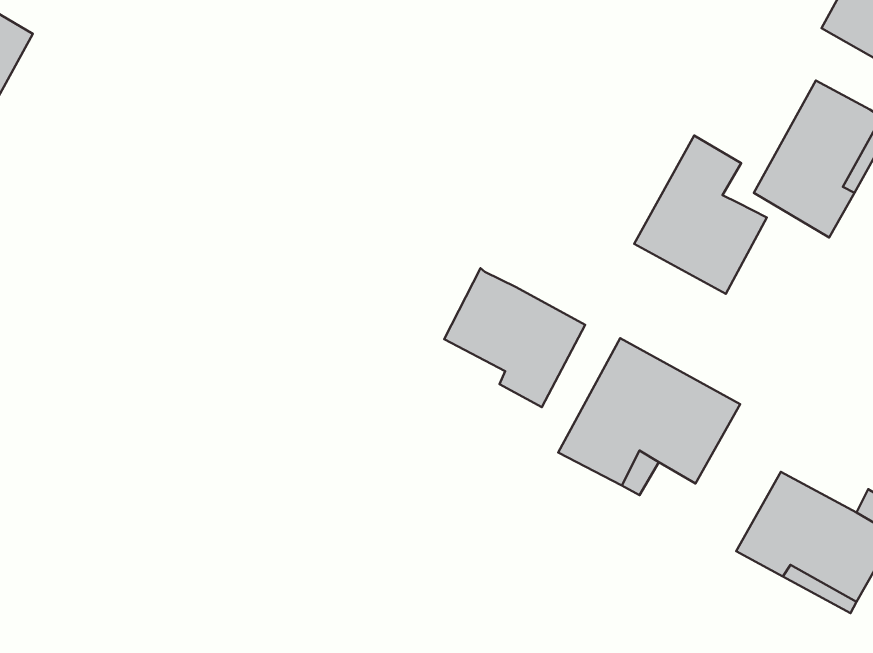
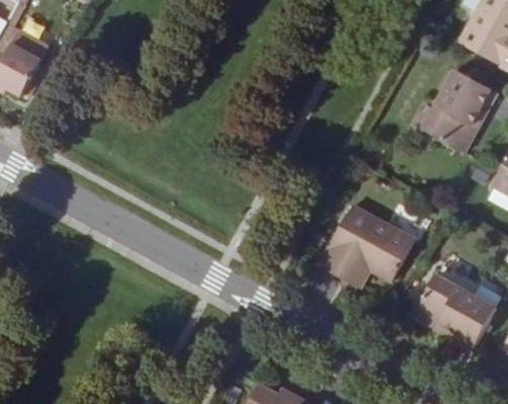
building: [634,136,767,294] -> none
building: [444,268,585,407] -> none

